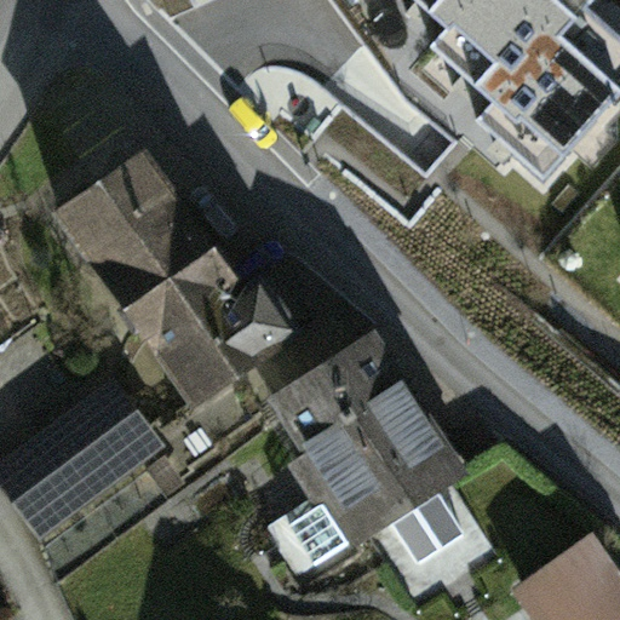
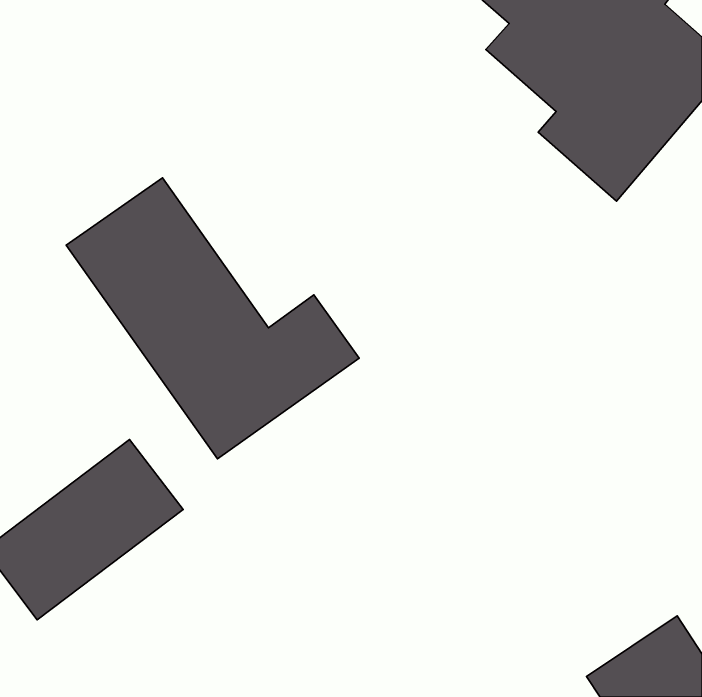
building: [280,340,465,551] -> none

